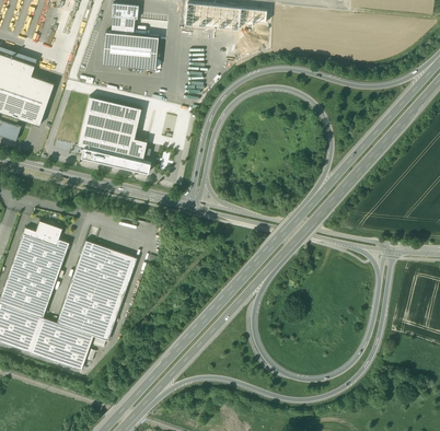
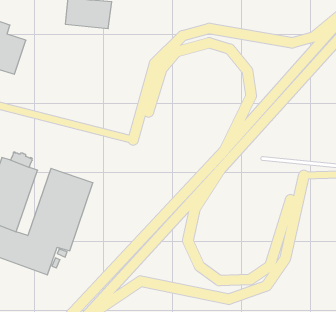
building: [77,96,150,173] -> none

